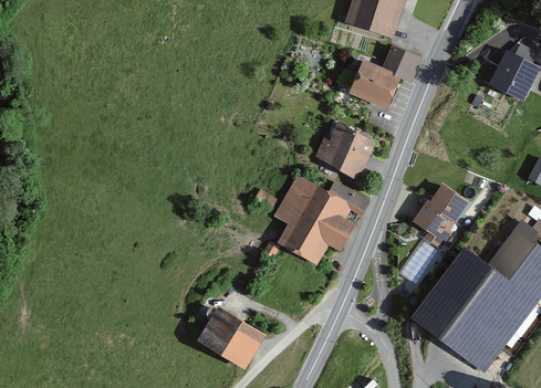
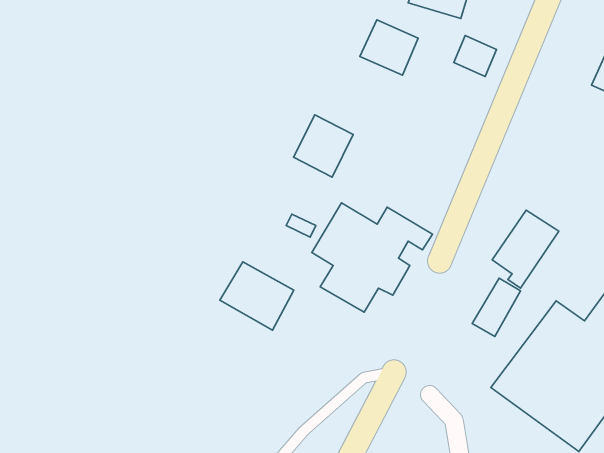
building: [352,64,397,107] -> [360,20,418,75]
building: [324,125,371,174] -> [294,115,353,177]
building: [201,312,259,365] -> [220,262,294,330]

